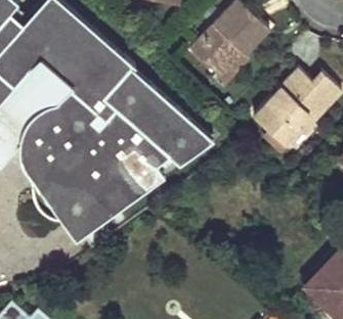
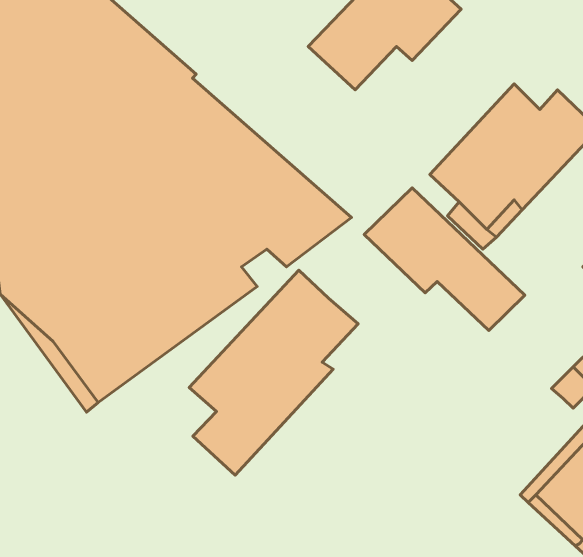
building: none -> [364,188,525,331]
building: none -> [189,270,358,475]

